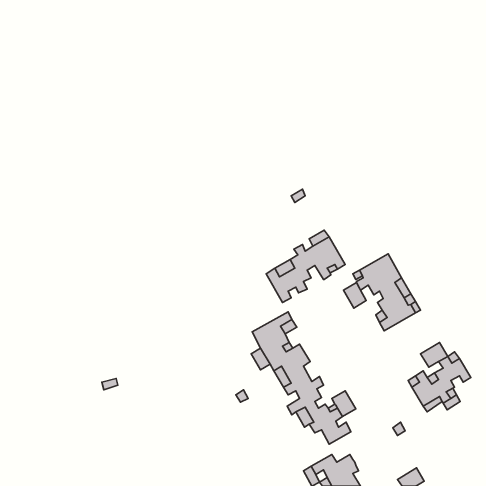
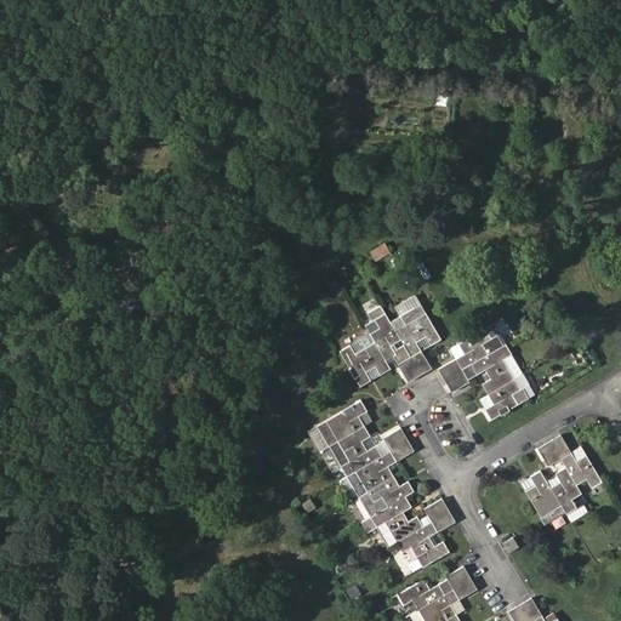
building: none -> [399,351,432,382]
building: none -> [382,428,414,461]
building: none -> [444,568,475,600]

